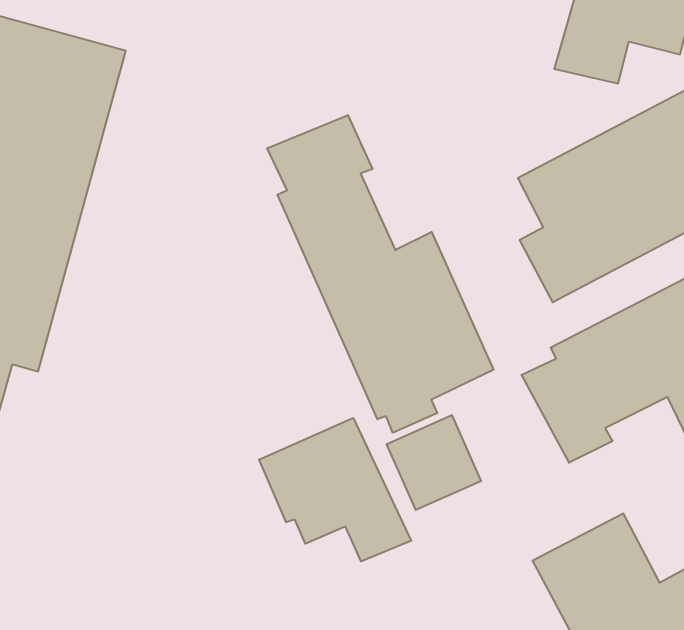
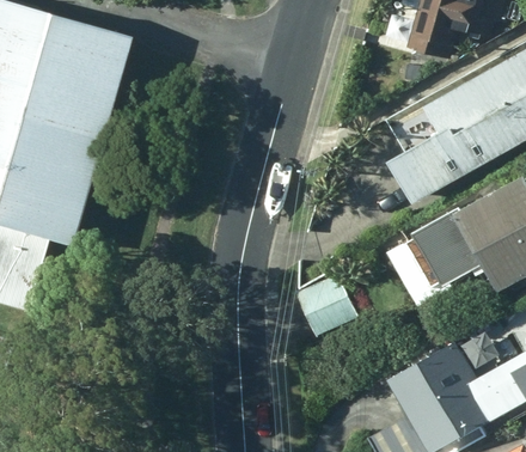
building: [267,115,494,433] -> none
building: [259,418,411,561] -> none

